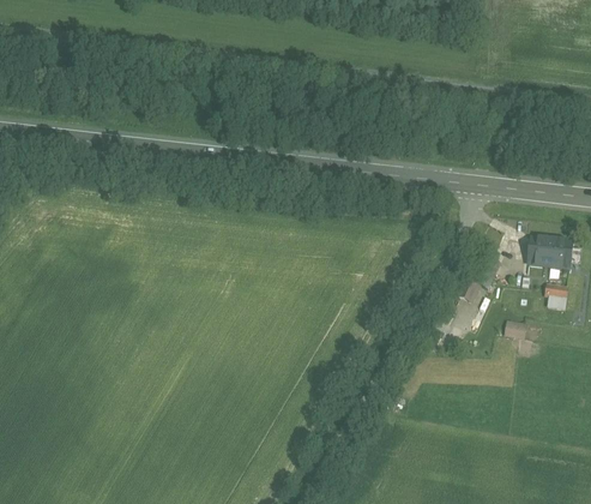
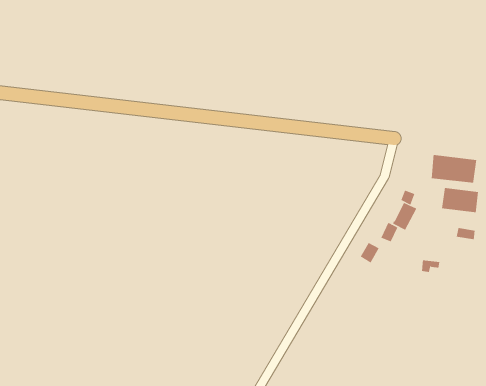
building: none -> [431,154,477,184]

